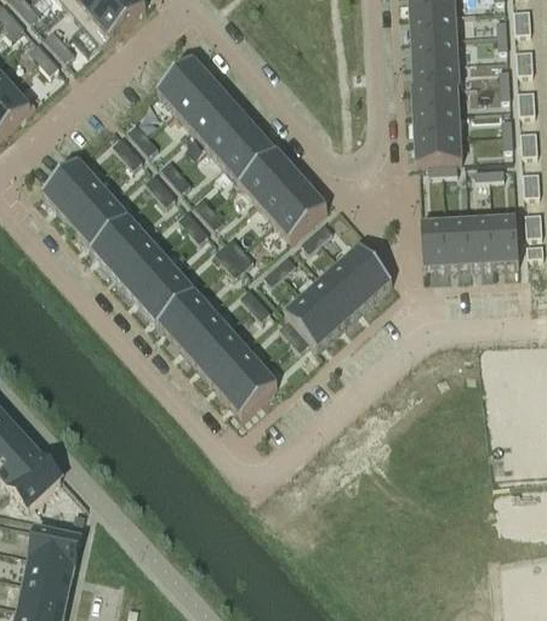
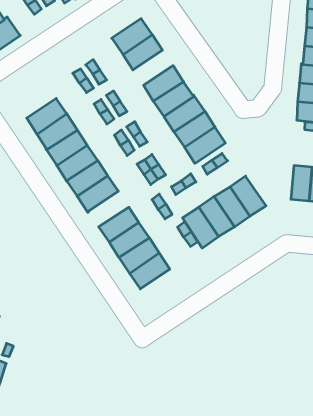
building: [190,95,243,144] -> none
building: [42,159,95,210] -> none
building: [158,289,211,340] -> none

